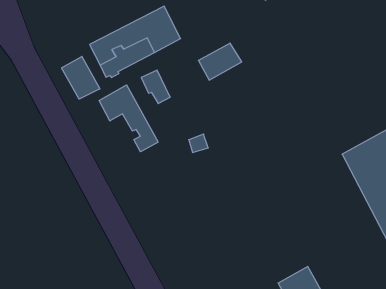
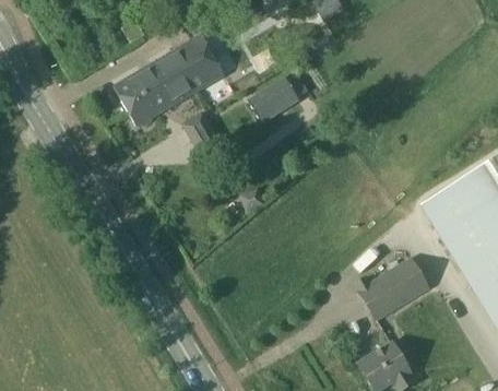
building: [62,56,100,99] -> none
building: [99,85,158,152] -> none
building: none -> [355,258,428,320]

